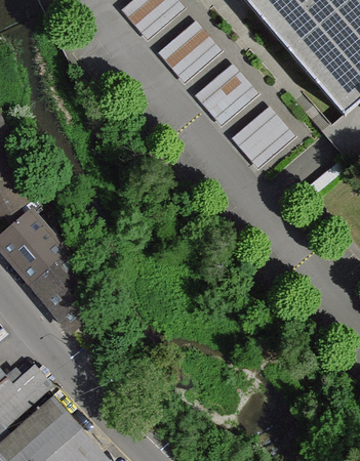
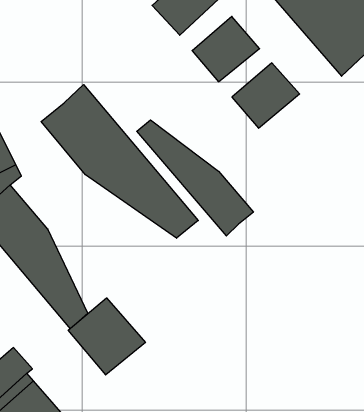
building: none -> [41,85,198,238]
building: none -> [137,120,253,236]
building: none -> [68,298,145,375]

